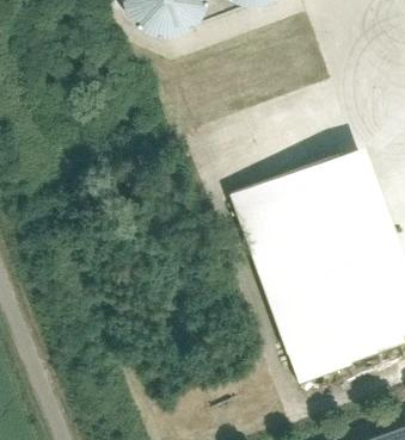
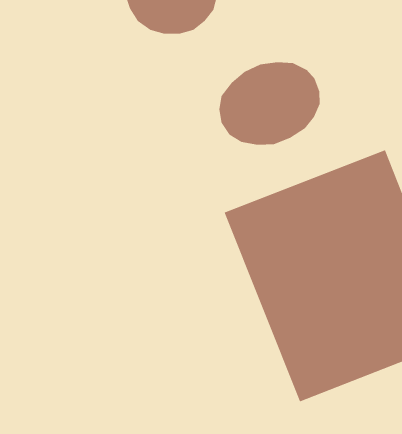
building: none -> [219,62,321,145]

